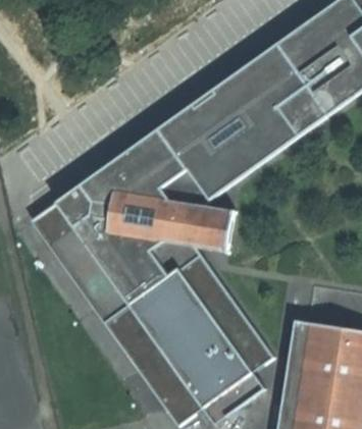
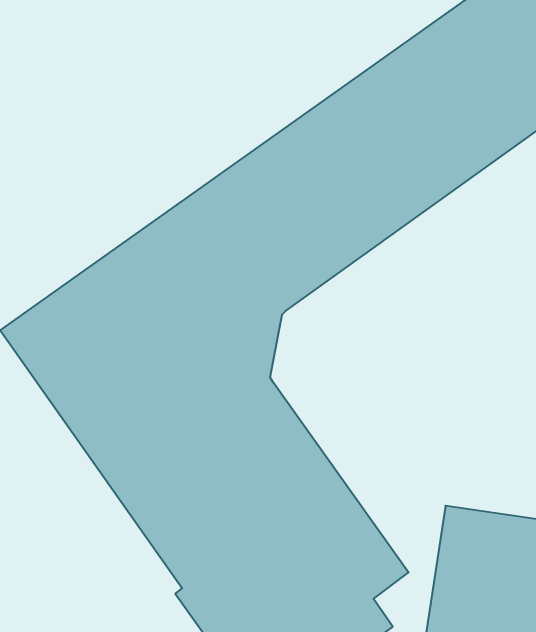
building: [192,205,232,252] -> none

